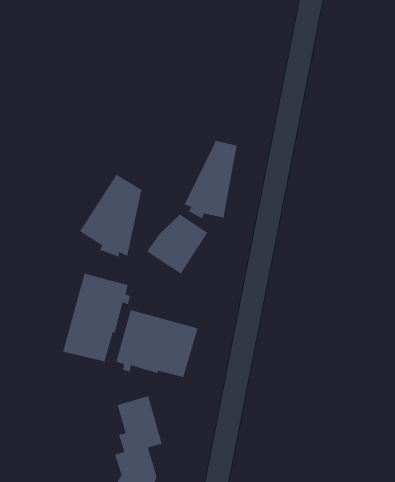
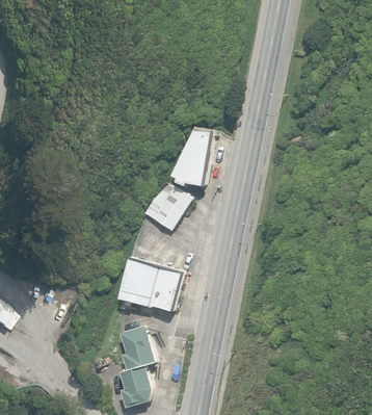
building: [79,174,143,258] -> none
building: [63,273,131,362] -> none

